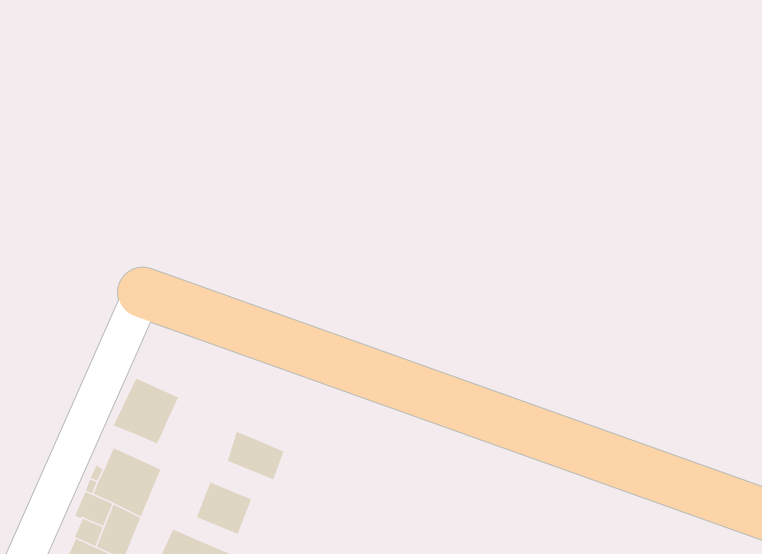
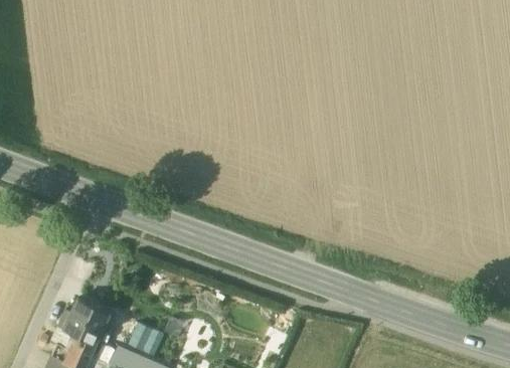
building: [112,377,179,444] -> none
building: [227,431,285,480] -> none

